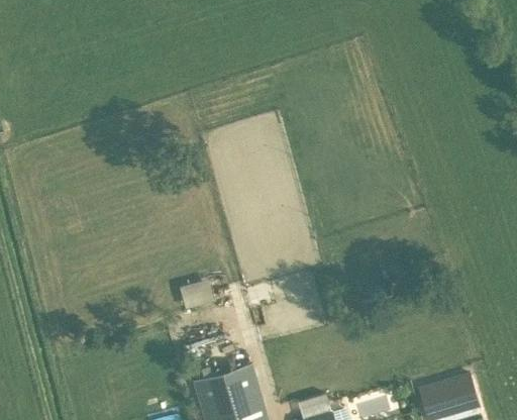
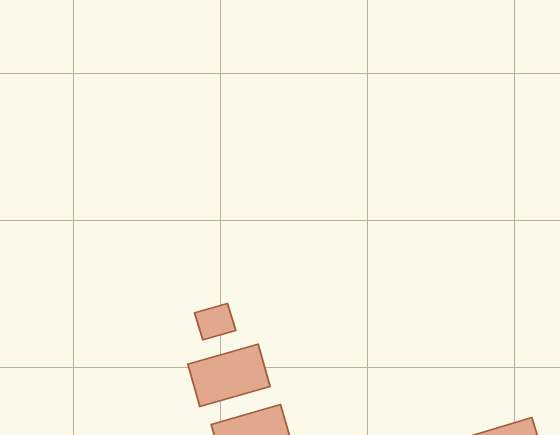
building: none -> [188,344,270,407]

